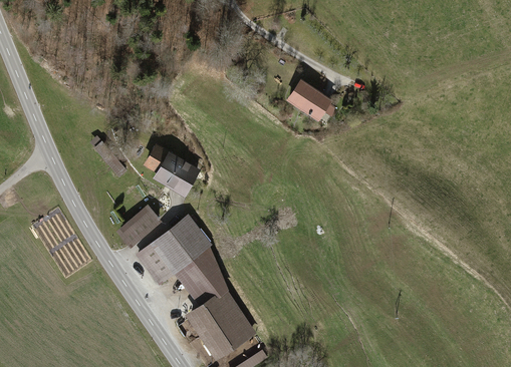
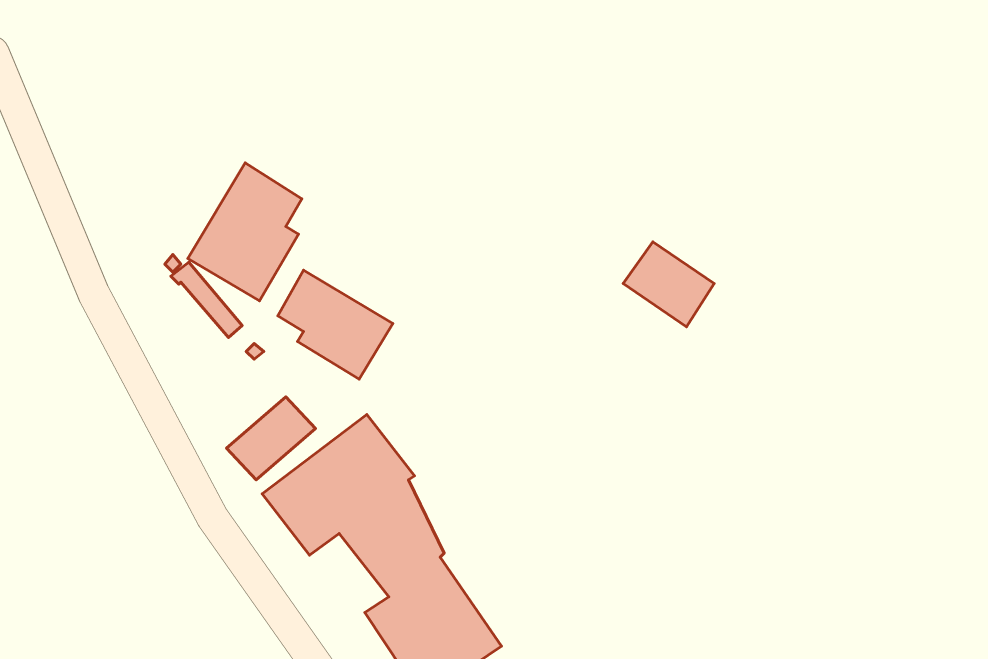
building: [287,79,333,122] -> [623,242,714,327]
building: none -> [188,163,302,301]

